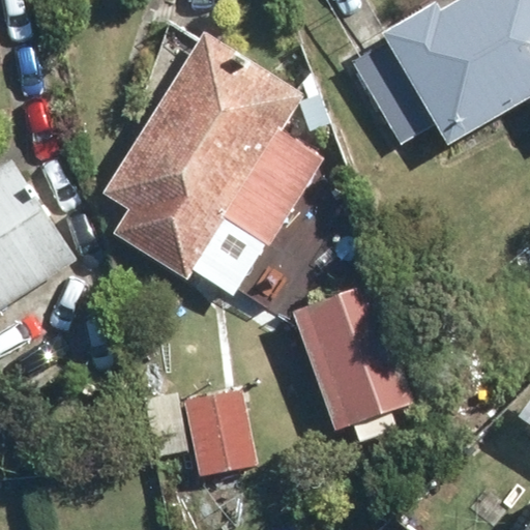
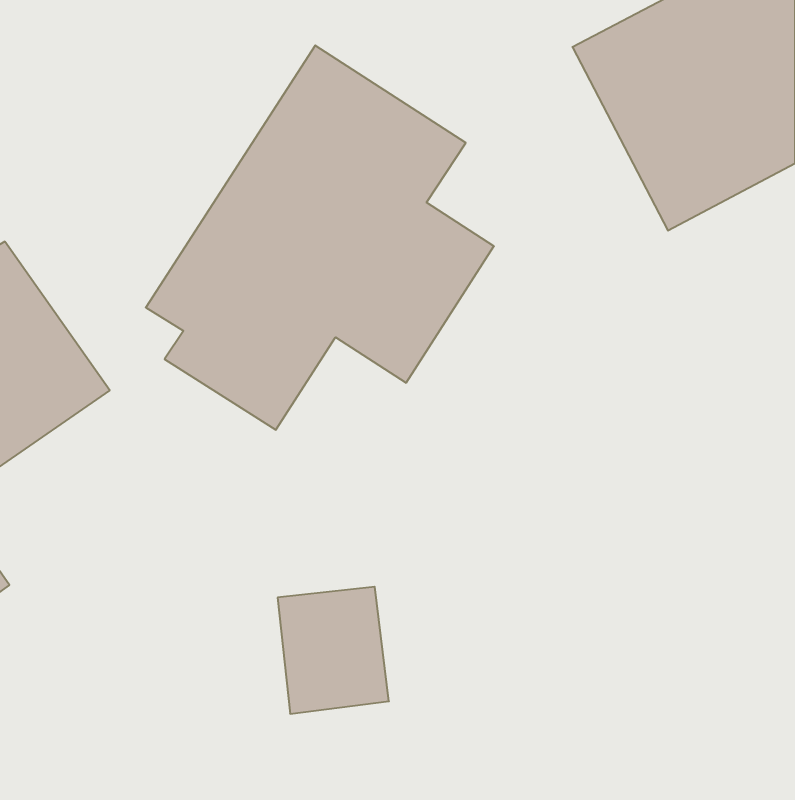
building: [290,281,414,430] -> none

